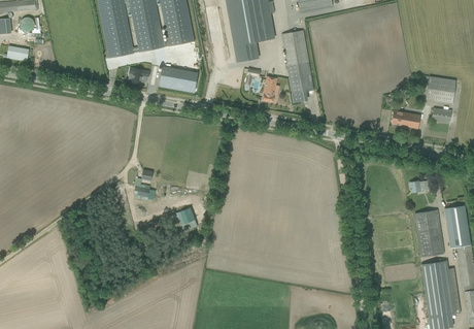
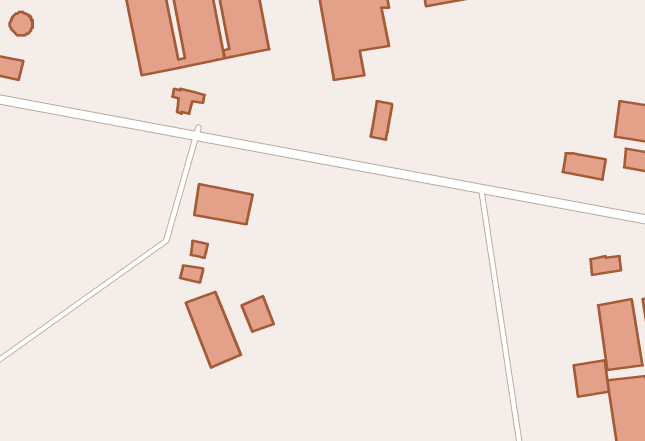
building: [281,29,313,93] -> none
building: [159,65,198,92] -> [194,184,253,224]
building: none -> [186,292,241,368]
building: none -> [574,360,609,397]

